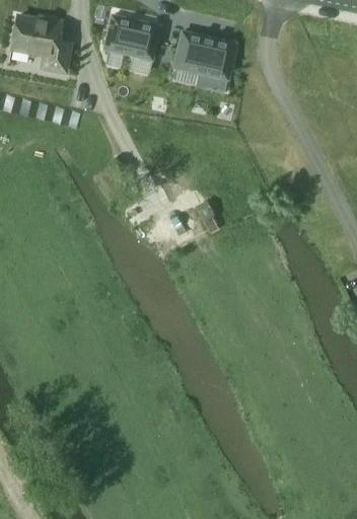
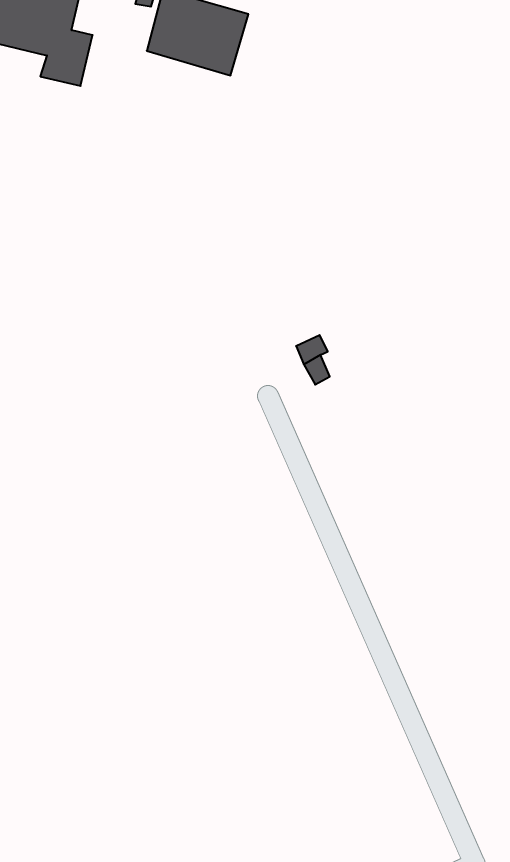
building: [173,31,234,79] -> none

